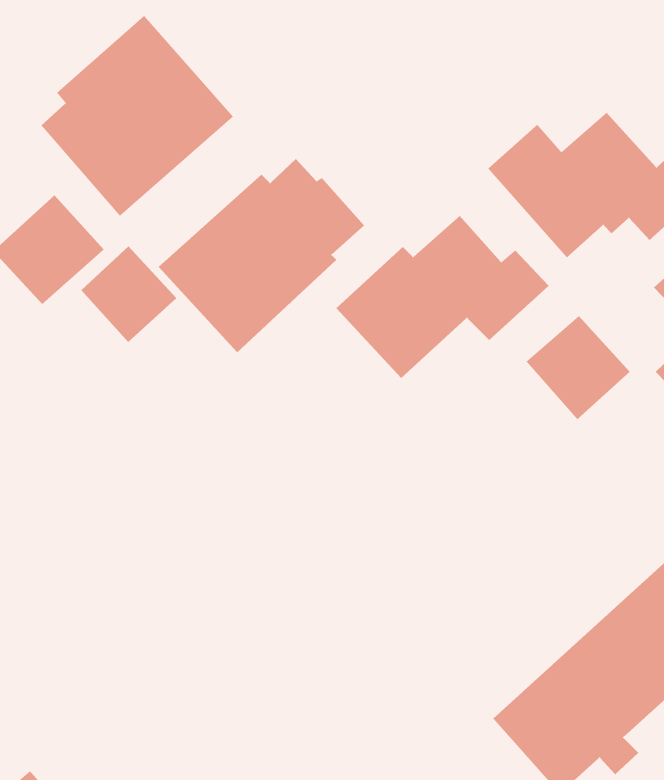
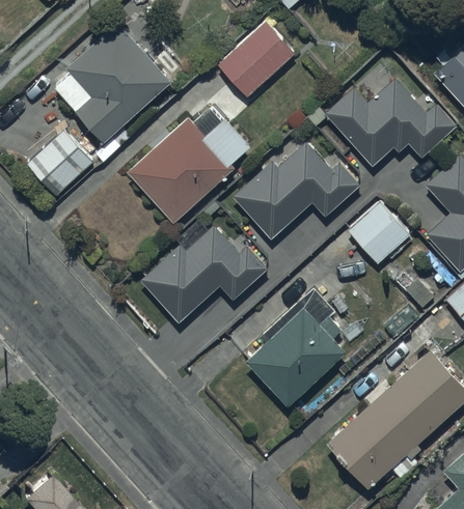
building: none -> [218,22,296,98]
building: [81,245,177,343] -> none
building: none -> [140,226,269,324]
building: none -> [244,288,347,408]

